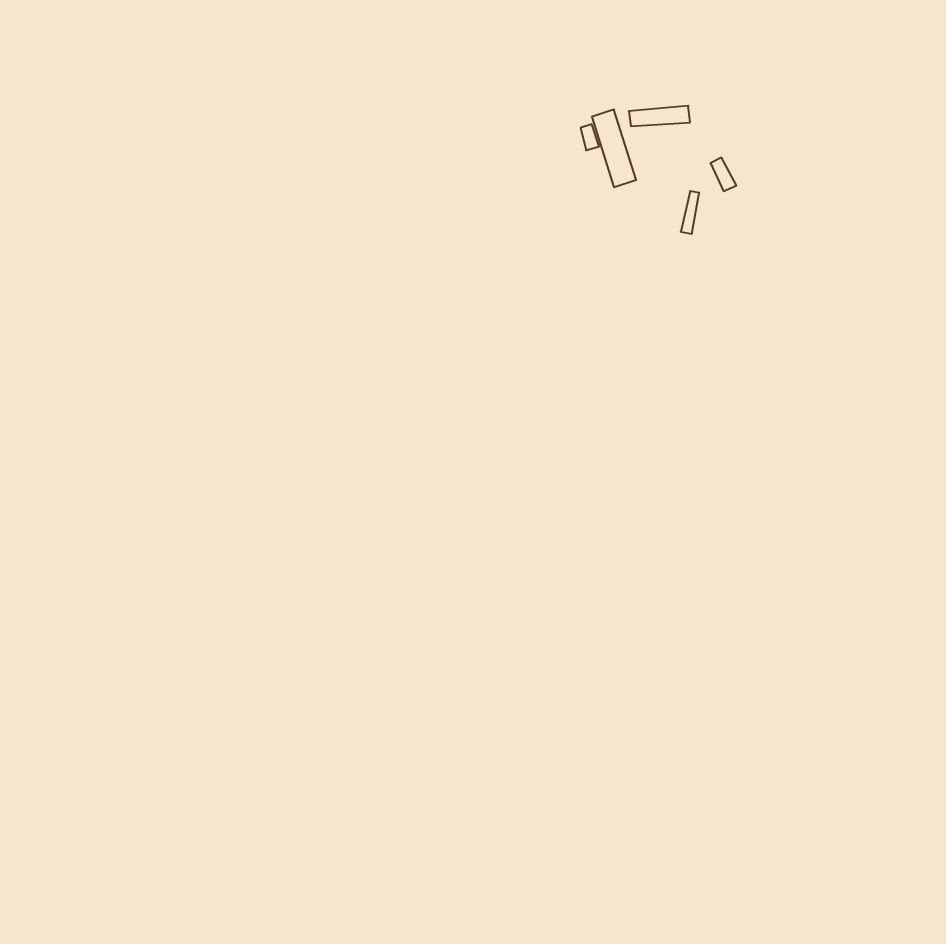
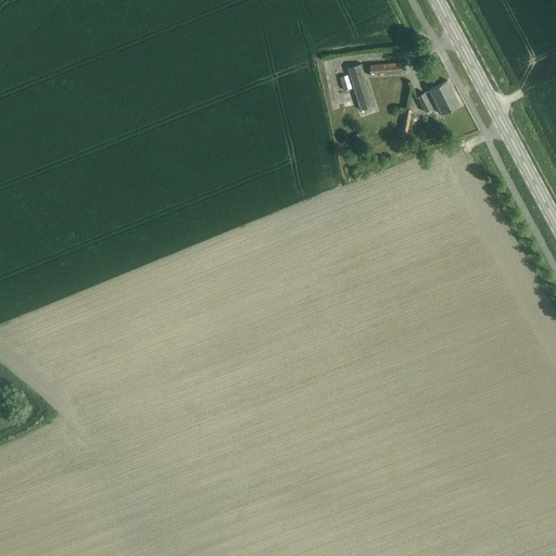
building: none -> [429,80,460,114]

